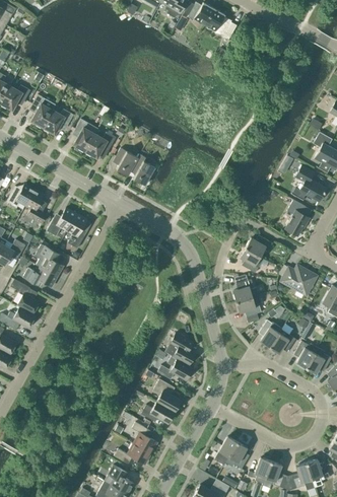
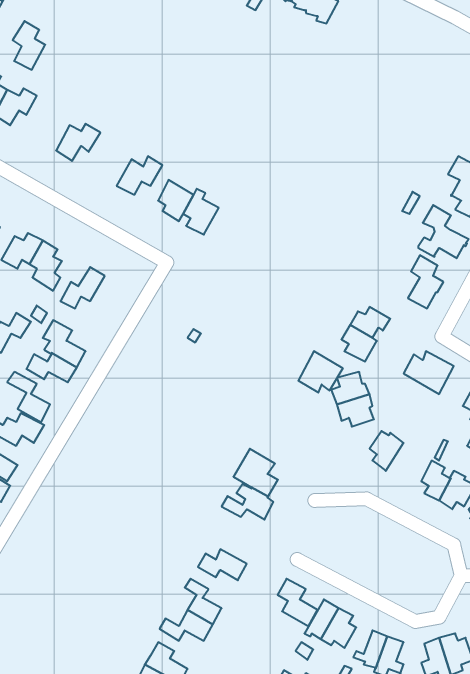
building: [29,93,52,127] -> [13,21,45,70]
building: [73,119,94,151] -> none
building: [66,213,86,247] -> none
building: none -> [298,351,343,393]
building: [269,324,295,353] -> none
building: [152,378,180,411] -> [278,579,318,626]

